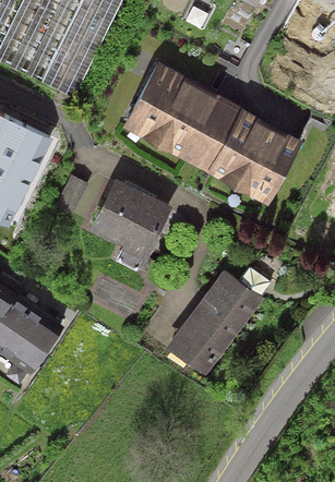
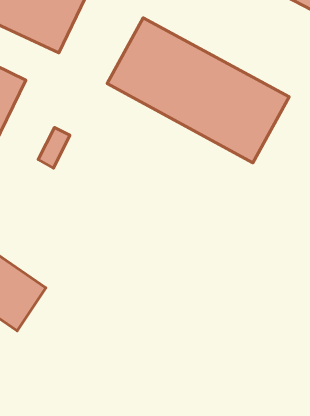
building: [88,178,174,267] -> none
building: [166,268,263,375] -> none

